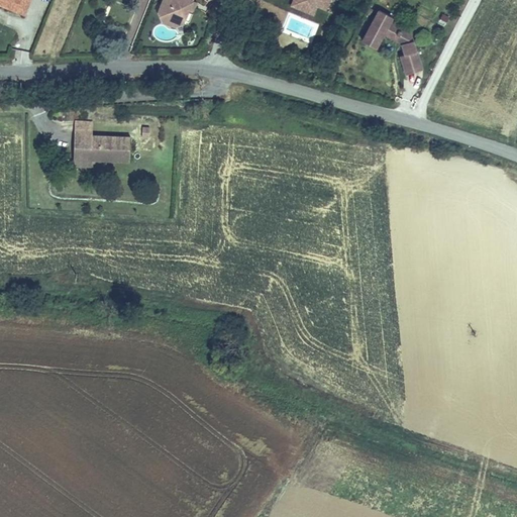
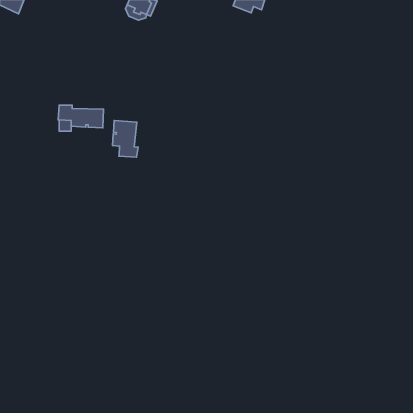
building: [361,8,421,71] -> none
building: none -> [113,121,138,157]

